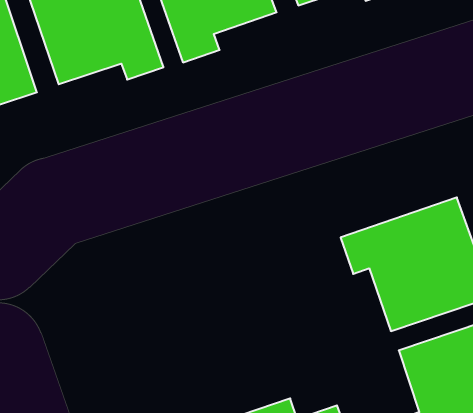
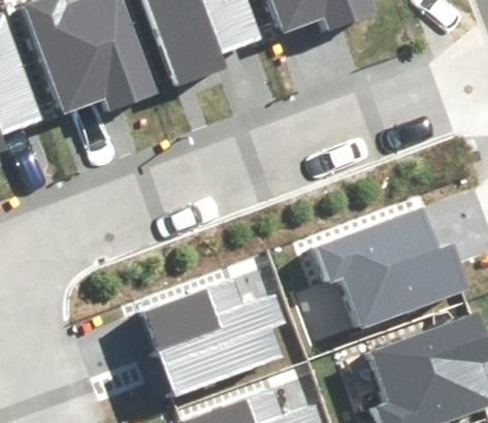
building: none -> [144,280,286,393]

